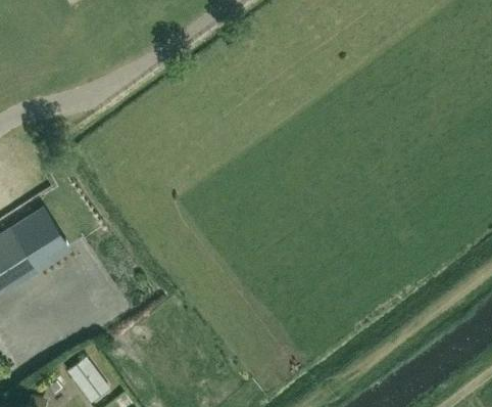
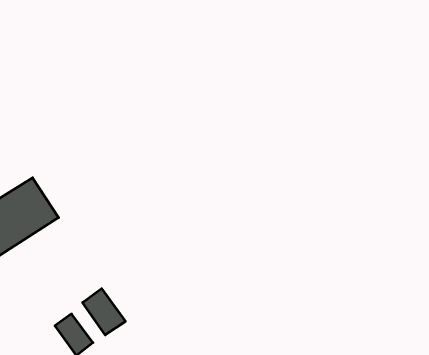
building: none -> [83,289,125,335]

